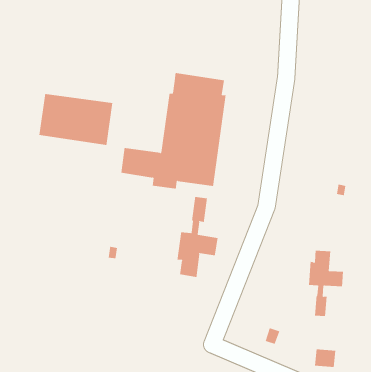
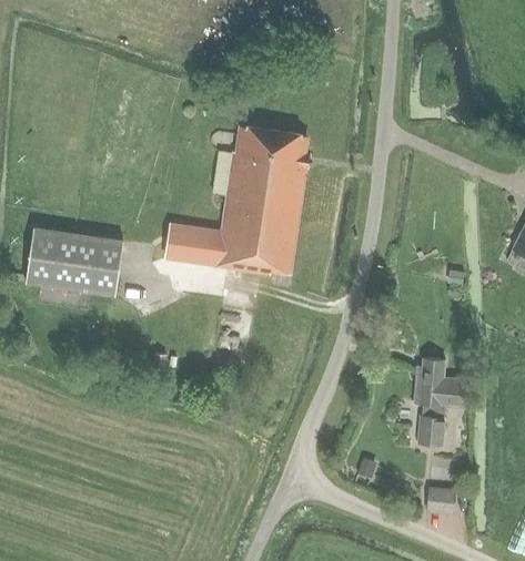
building: [39,94,113,145] -> [26,226,123,294]
building: [177,196,218,278] -> none

